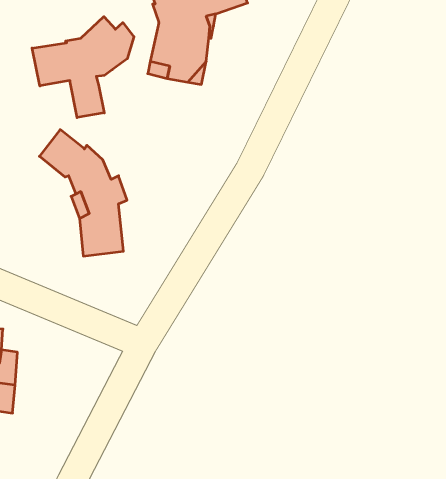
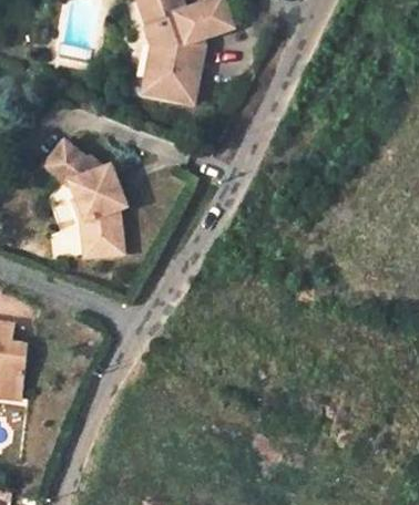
building: [32,17,134,118] -> none

